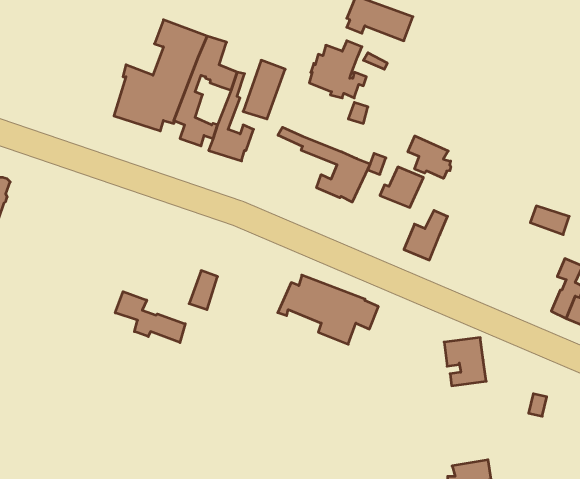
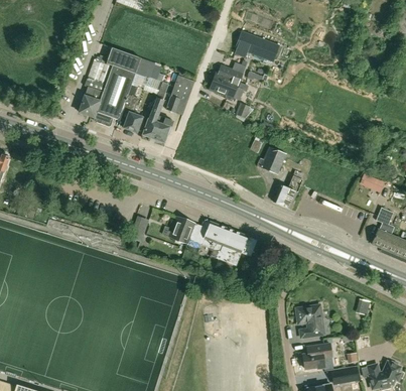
building: [278,127,370,202] -> none
building: [408,136,451,178] -> none
building: none -> [163,216,198,244]
building: [115,292,185,343] -> none
building: [444,338,486,386] -> [296,304,324,337]

